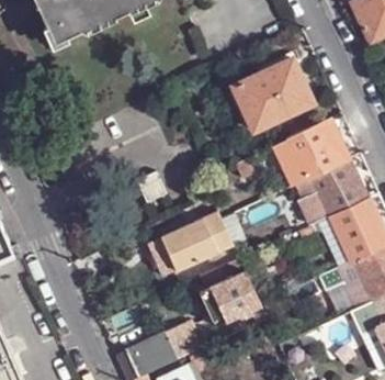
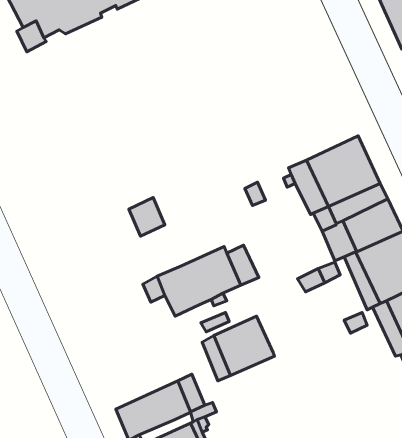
building: [233,58,314,131] -> none

